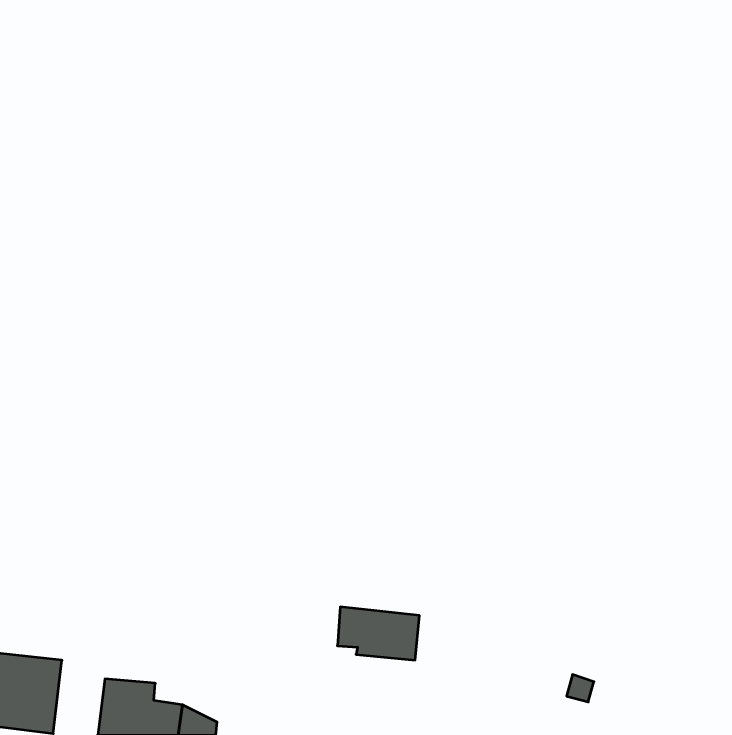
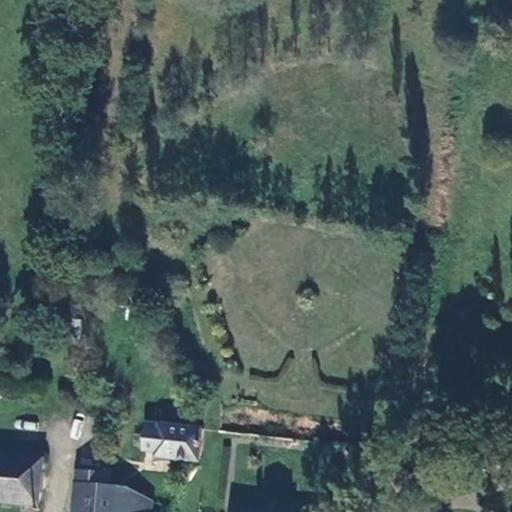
building: [337,607,419,660] -> [142,423,199,460]

